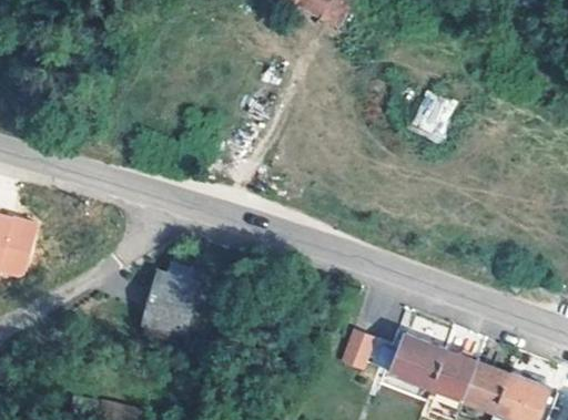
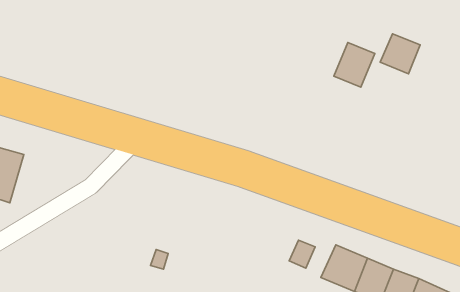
building: none -> [380,34,420,74]
building: [136,262,201,347] -> none

